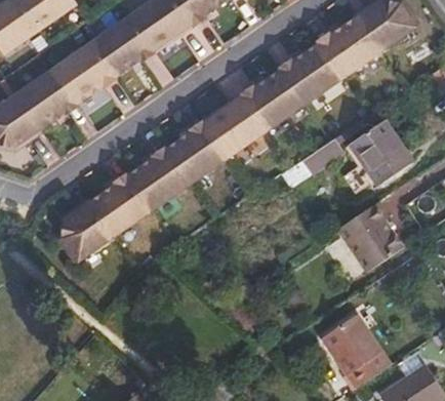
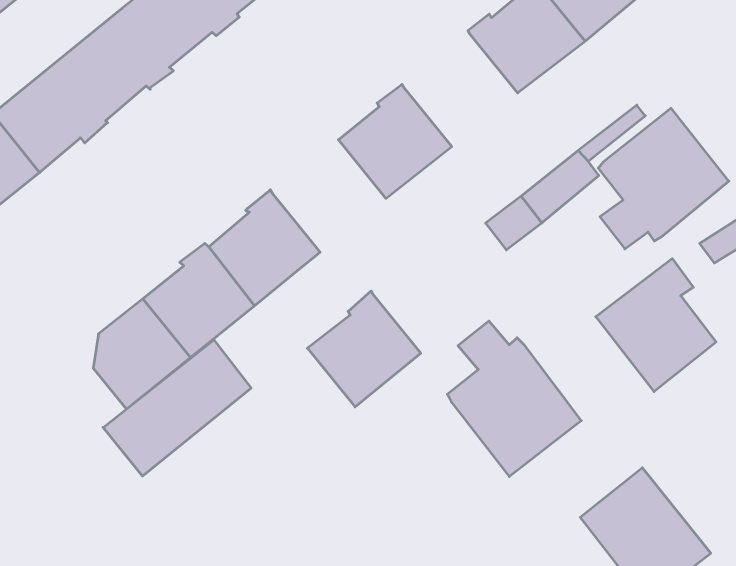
building: [241,70,302,130] -> none
building: [165,120,227,183] -> [307,291,421,407]
building: none -> [103,340,251,476]
building: none -> [447,321,581,477]

